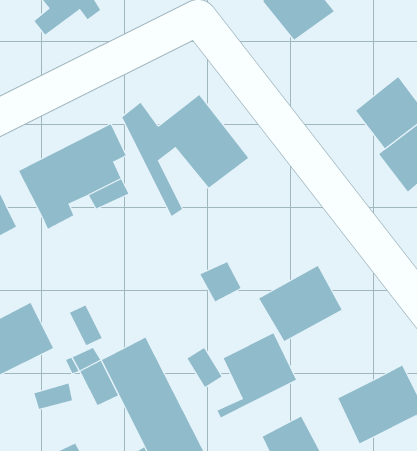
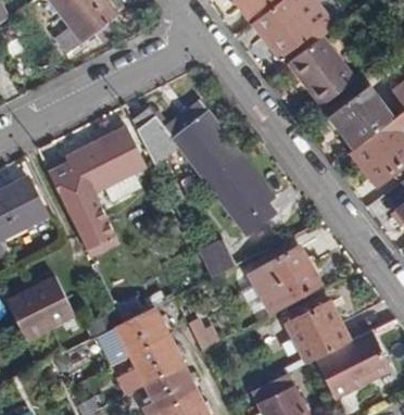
building: none -> [290,37,354,104]
building: none -> [206,154,275,232]
building: none -> [70,203,113,255]
building: [217,333,297,418] -> [282,301,351,374]

